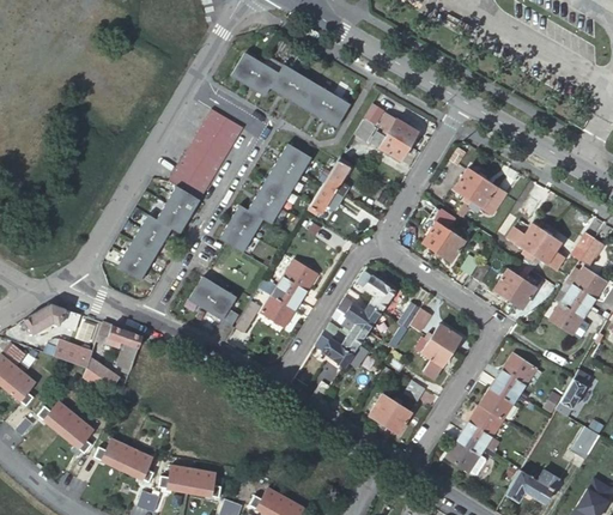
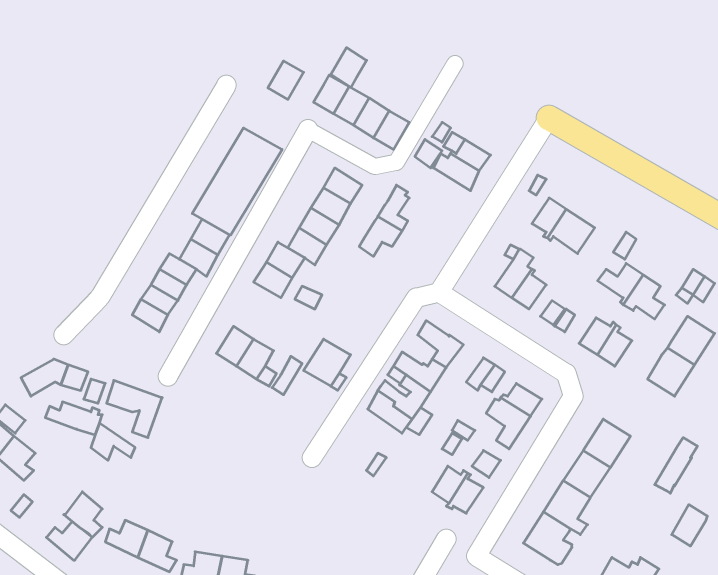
building: [248,62,278,96] -> [331,48,367,87]
building: [278,260,317,299] -> none
building: [37,401,75,434] -> [46,522,92,560]

